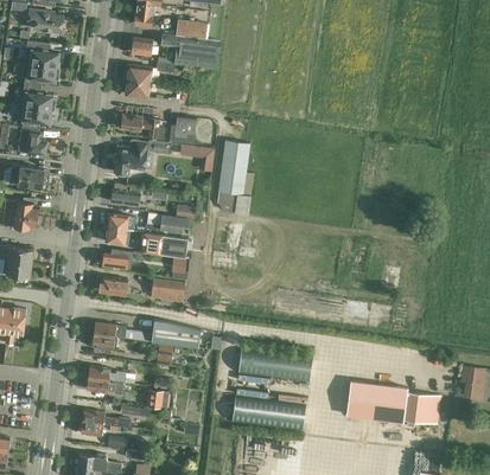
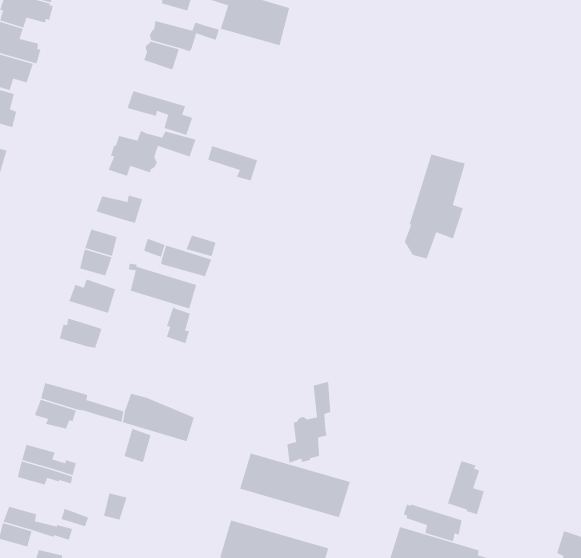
building: [172,116,196,145] -> none
building: [216,141,253,213] -> [404,153,466,260]
building: [149,280,184,306] -> none
building: none -> [287,381,331,464]
building: none -> [446,460,485,515]
building: none -> [403,503,463,542]

